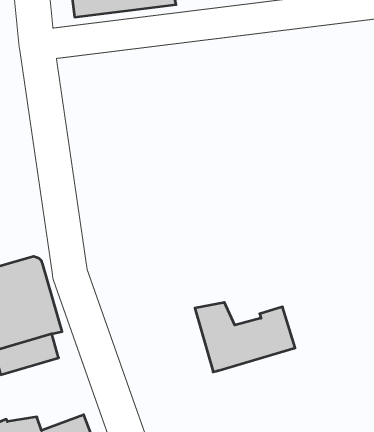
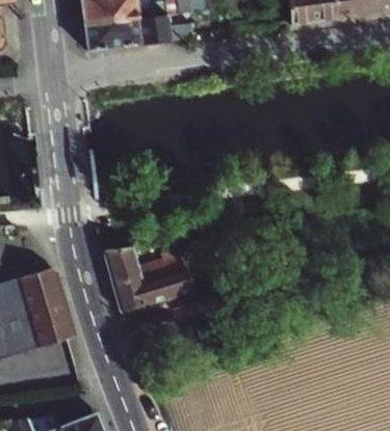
building: [195,302,295,372] -> [104,247,196,311]

